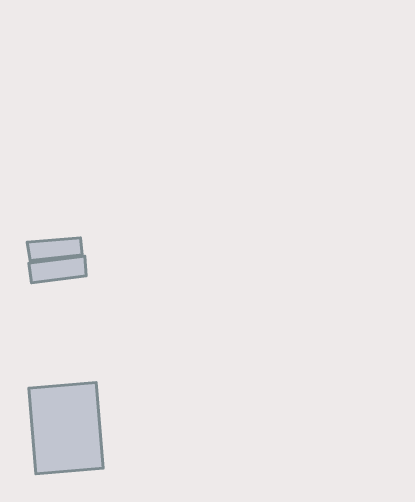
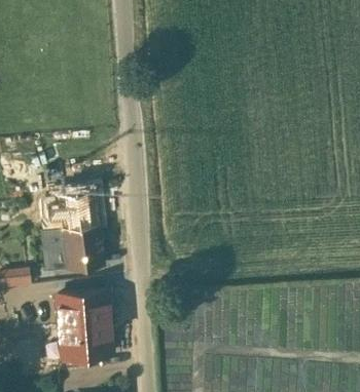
building: none -> [43,224,106,268]

